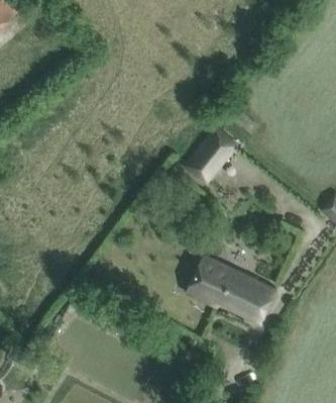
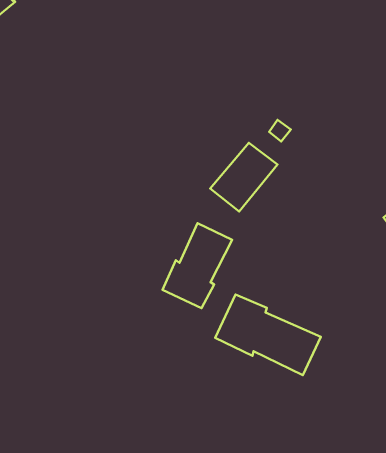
building: none -> [162,223,232,308]

